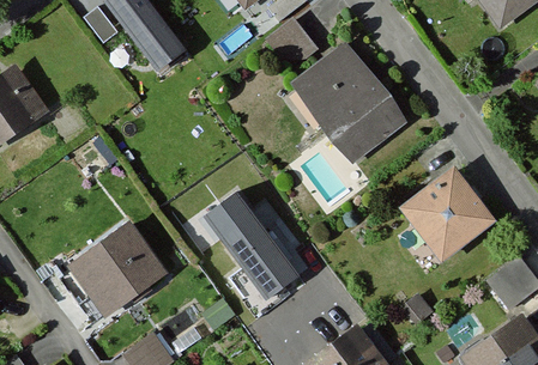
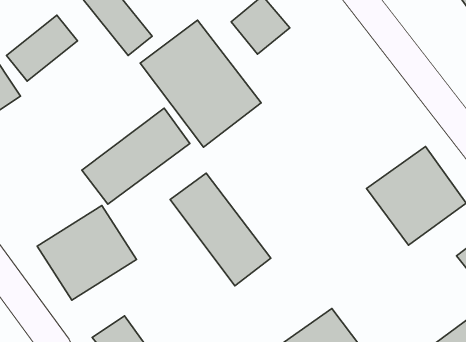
building: none -> [6,15,77,81]
building: [289,42,410,169] -> [140,20,261,147]
building: none -> [82,108,190,204]

